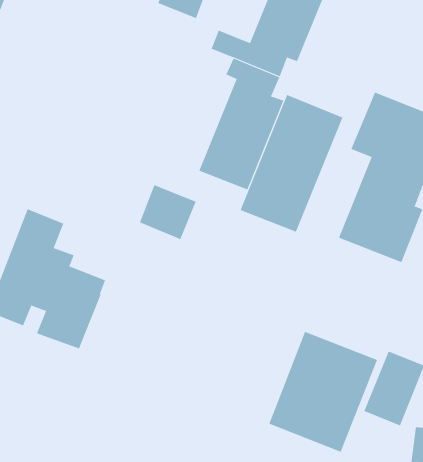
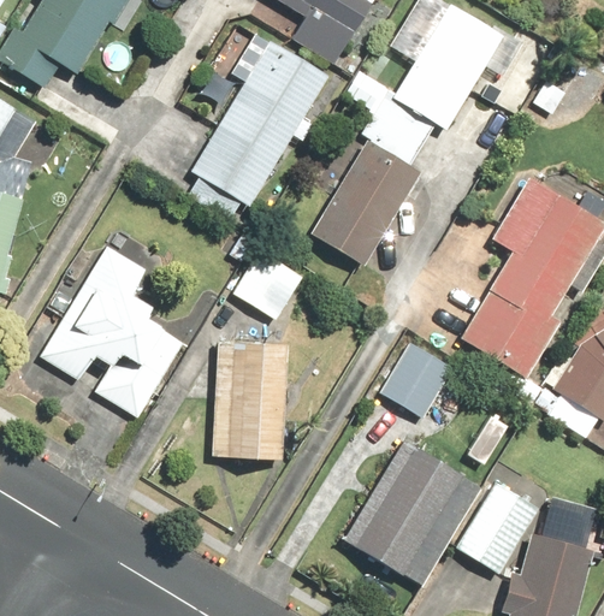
building: none -> [190,41,327,207]
building: [240,94,343,233] -> none
building: none -> [379,340,454,419]
building: none -> [213,340,286,460]

